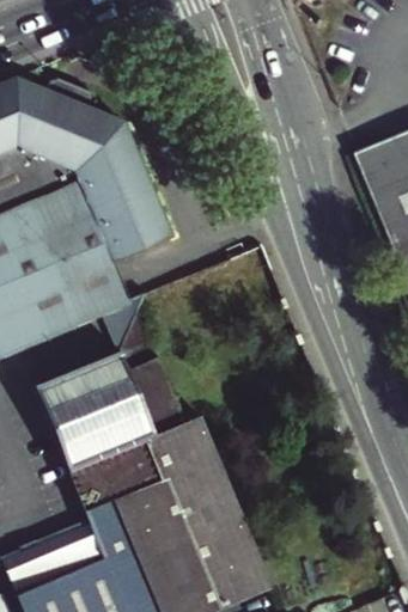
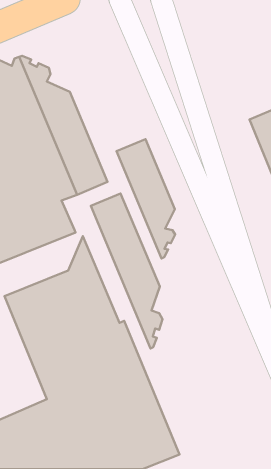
building: none -> [116,139,175,258]
building: none -> [91,193,163,348]

